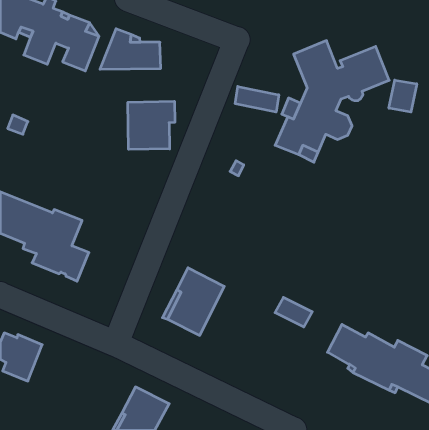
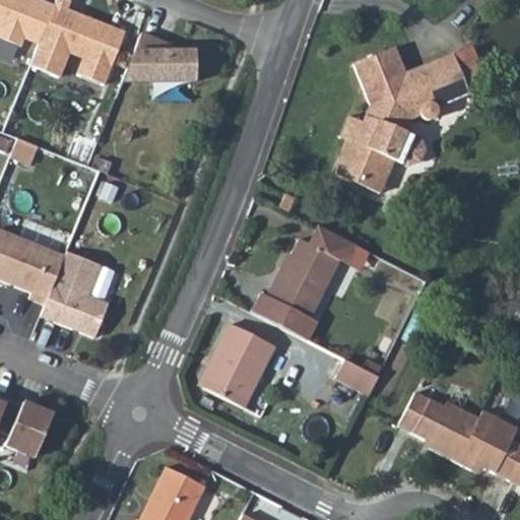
building: [389,80,417,112] -> none
building: [235,86,279,112] -> none
building: [128,101,175,149] -> none
building: none -> [251,224,351,339]

